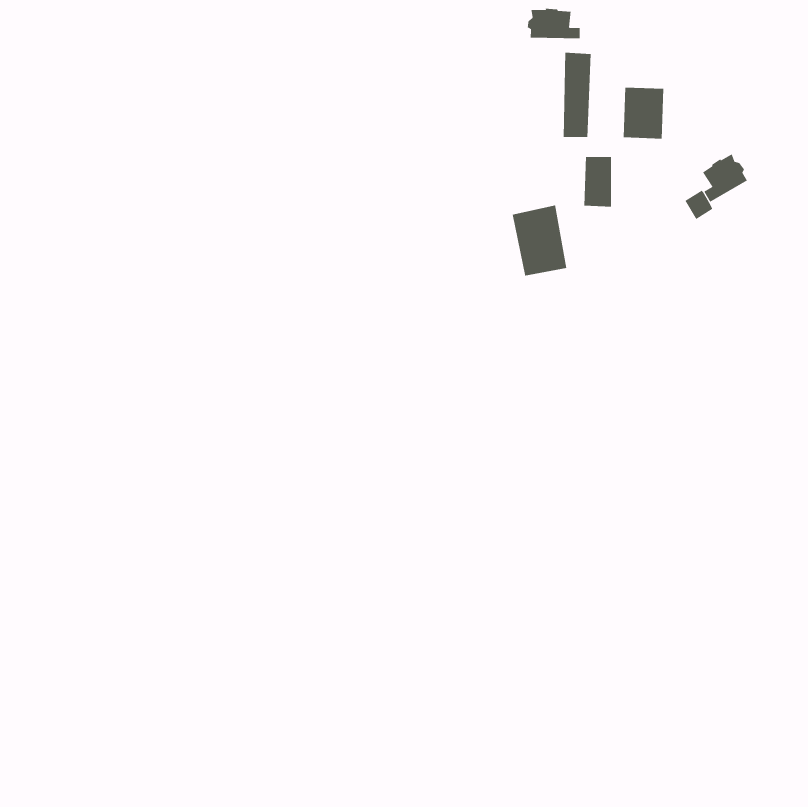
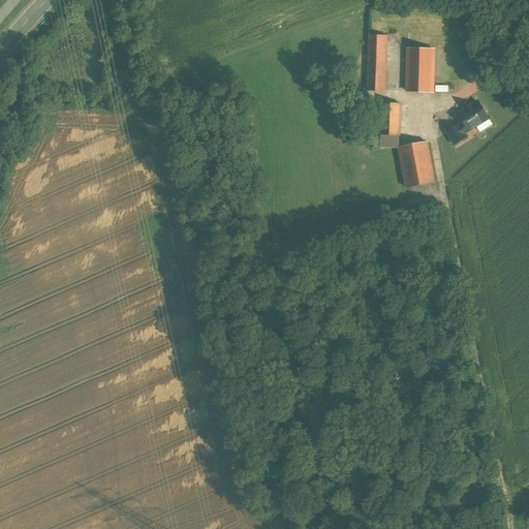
building: [527,8,580,39] -> none
building: [512,205,567,276] -> [399,141,435,187]

